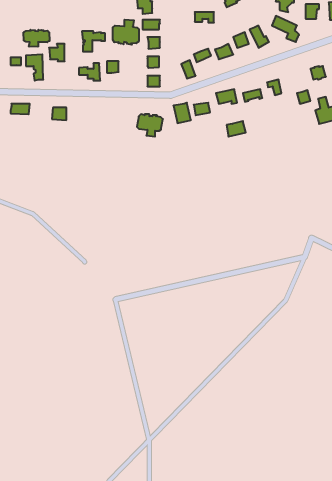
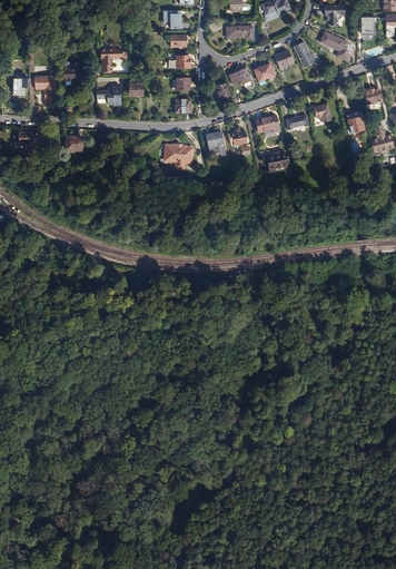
building: [113,20,139,45] -> none
building: [24,30,50,47] -> none

